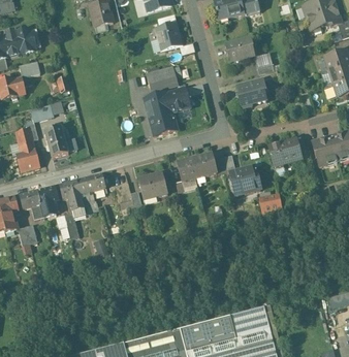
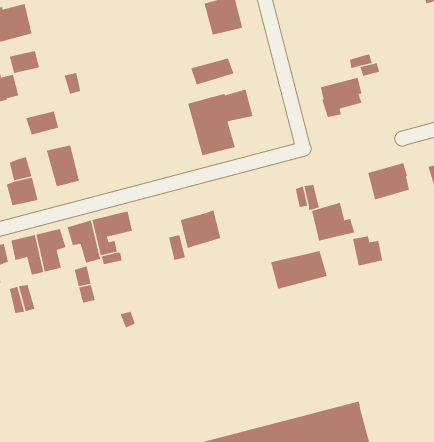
building: [225,38,254,62] -> none
building: [177,154,217,182] -> [270,250,328,290]

